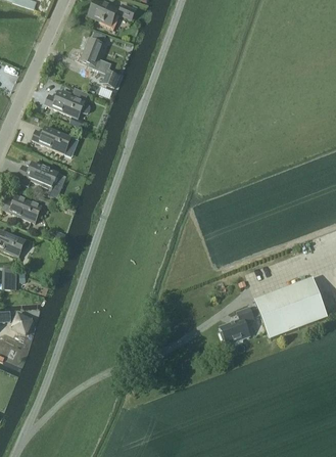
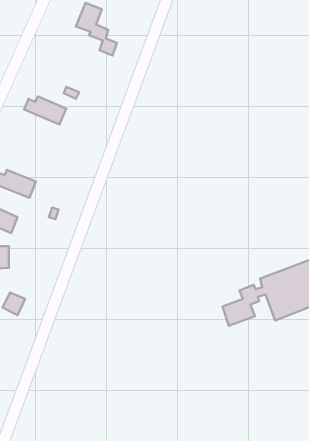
building: [45,90,91,118] -> none
building: [16,163,58,188] -> none

